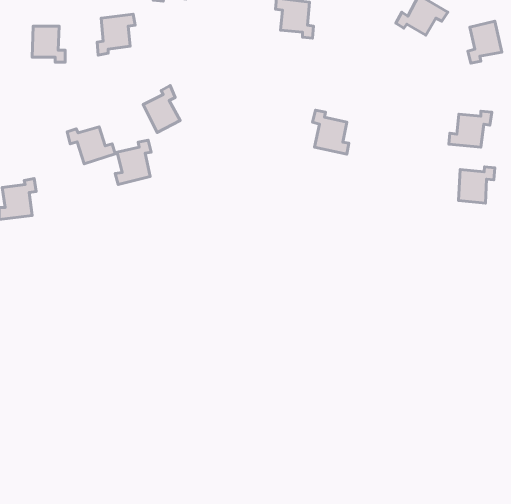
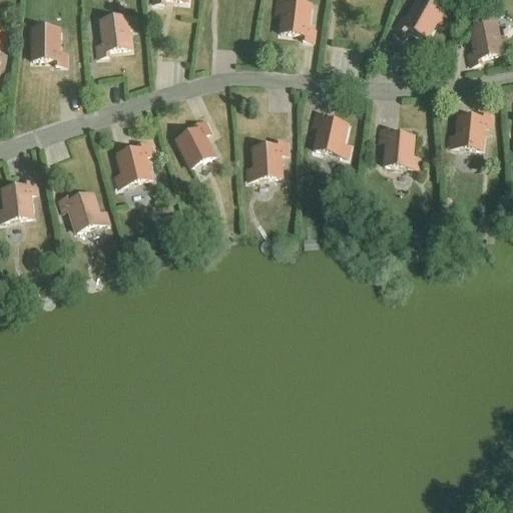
building: [143,86,180,133] -> [177,118,214,165]
building: none -> [380,126,418,165]
building: [67,127,115,164] -> [60,192,108,229]
building: none -> [247,139,287,177]
building: [458,167,495,203] -> none

